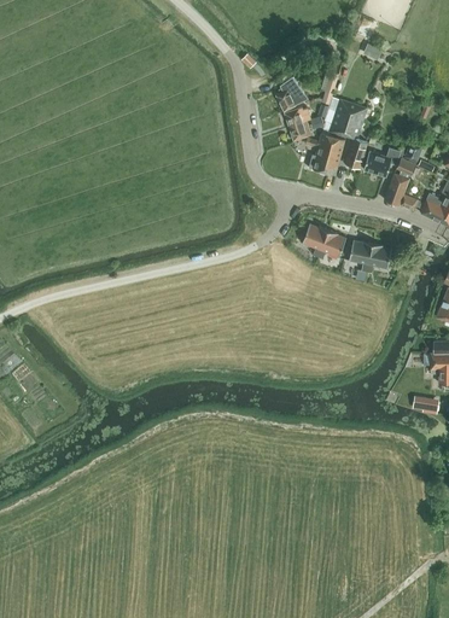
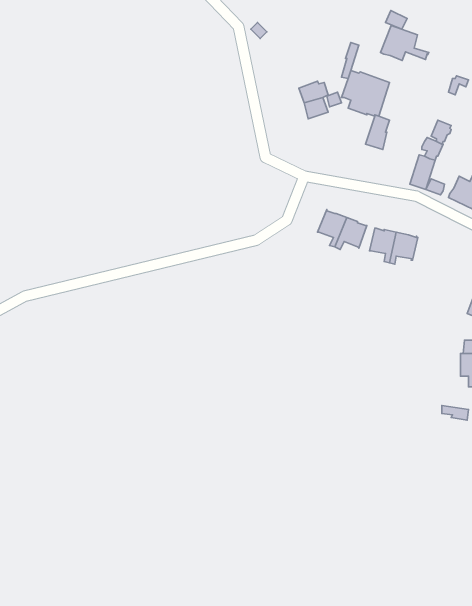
building: none -> [380,26,429,60]
building: [276,77,309,111] -> none
building: [305,133,345,175] -> none
building: [363,148,401,177] -> none

